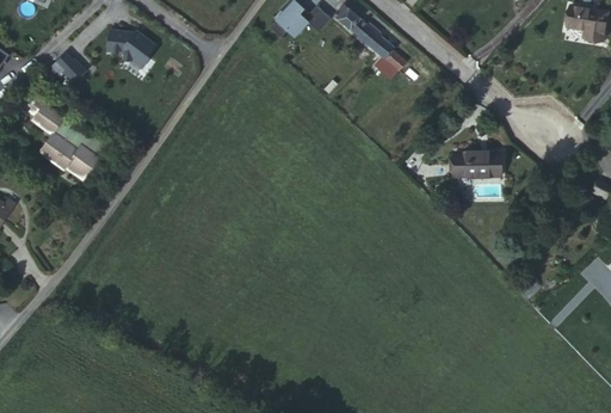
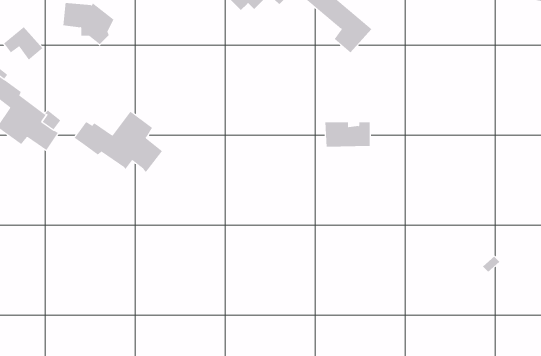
building: none -> [74,111,163,173]
building: [453,153,499,178] -> [325,122,370,147]

